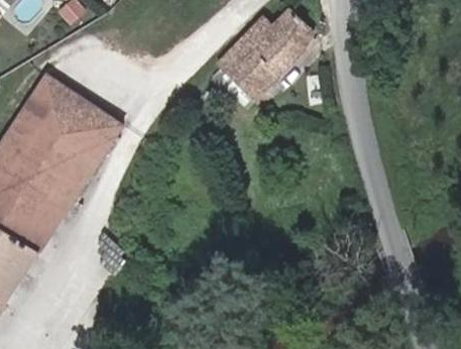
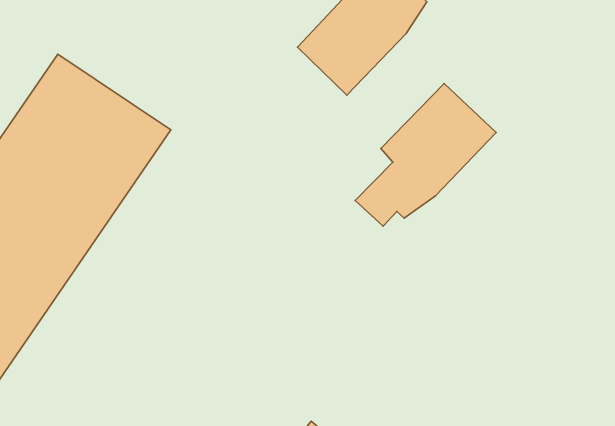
building: none -> [355,84,496,226]

